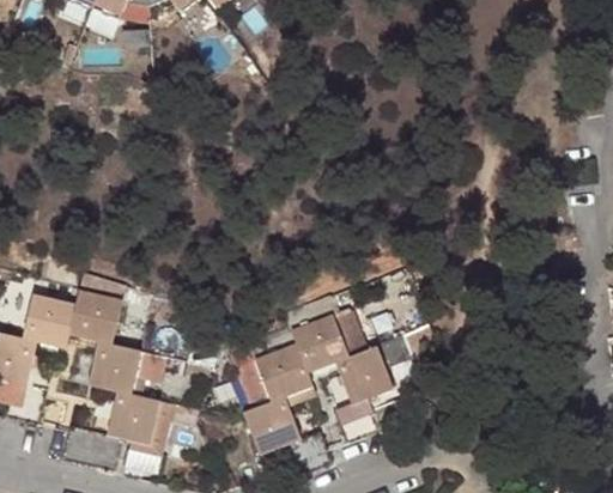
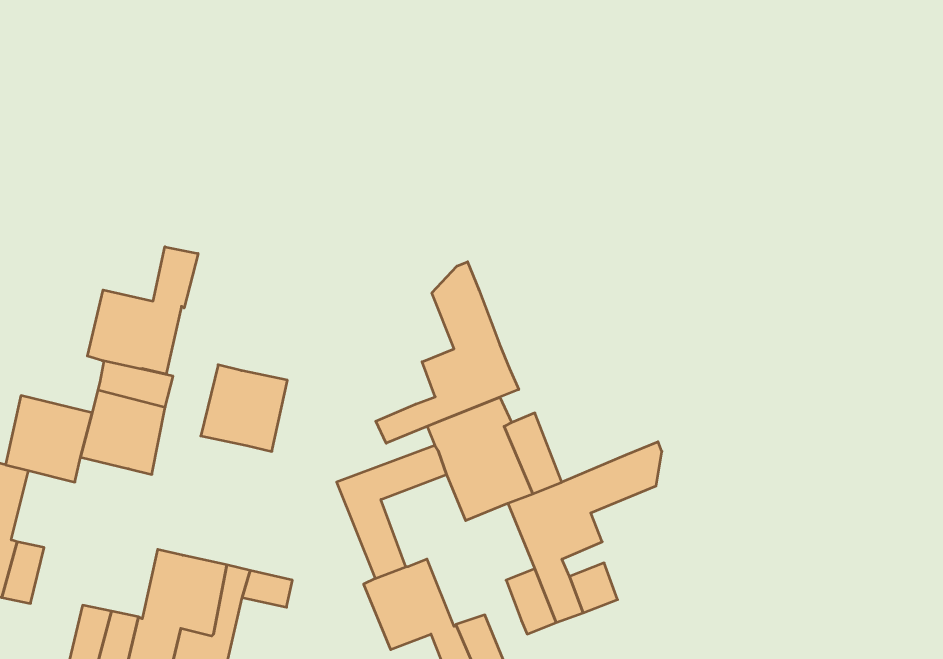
building: none -> [87,247,198,374]
building: none -> [376,262,519,443]
building: [87,339,141,392] -> [201,365,287,451]
building: [255,342,312,400] -> none

